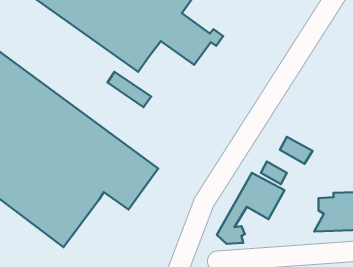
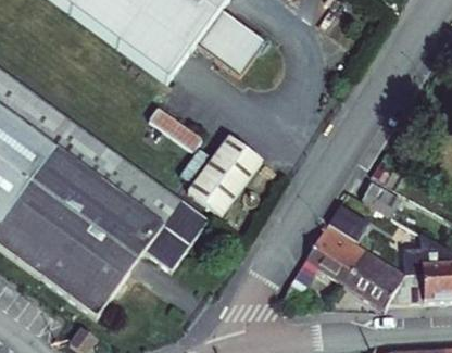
building: none -> [180,133,258,213]
building: none -> [346,244,414,305]

